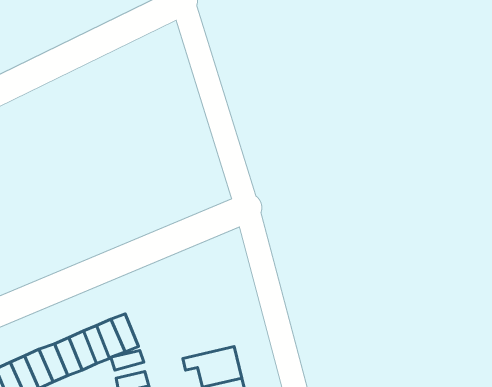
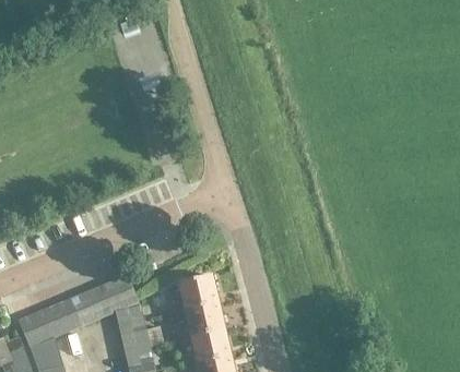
building: none -> [173,275,217,312]

